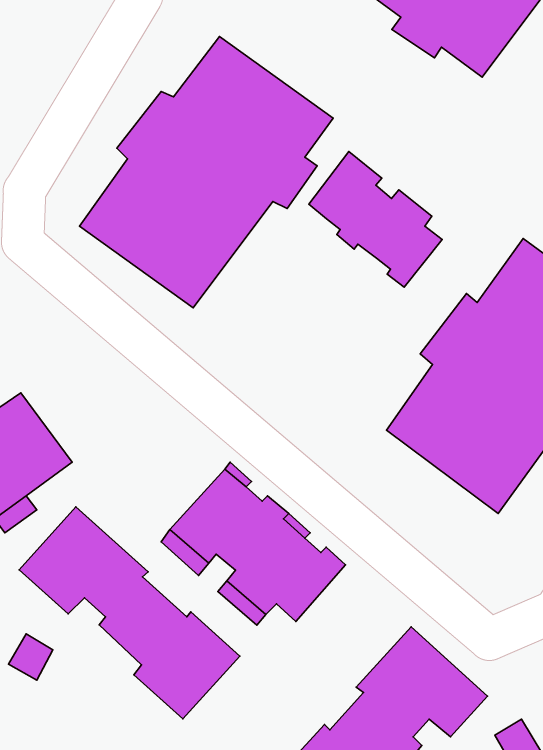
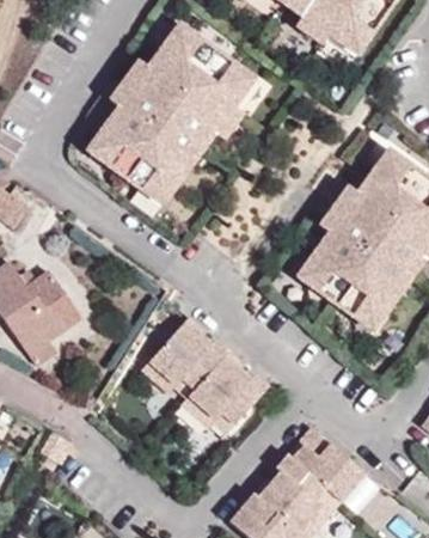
building: [309,152,442,287] -> none
building: [19,507,240,719] -> none

